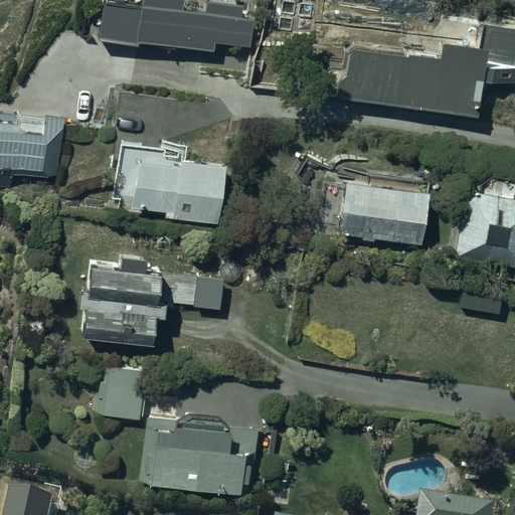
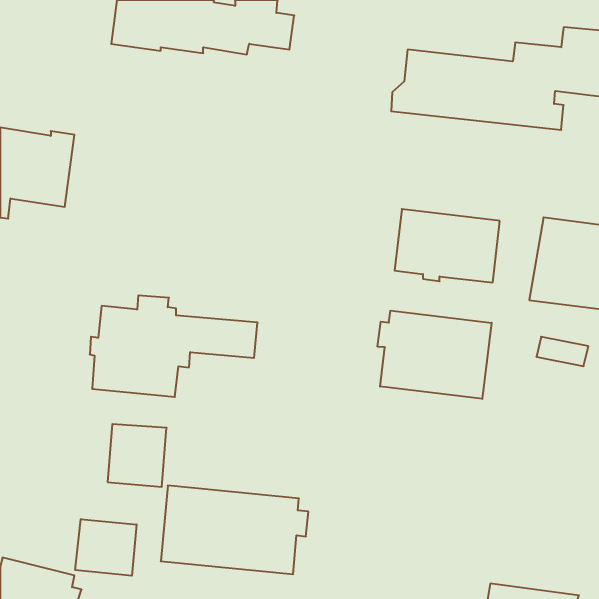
building: [114,142,226,227] -> none
building: none -> [378,311,492,399]
building: none -> [75,519,137,576]

